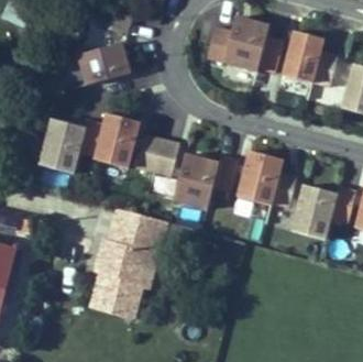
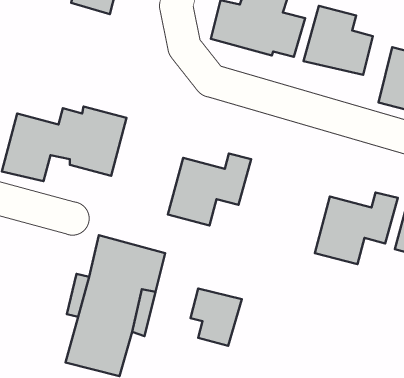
building: [75,46,127,87] -> none
building: [134,131,177,177] -> none
building: [233,149,295,205] -> none
building: none -> [191,289,242,346]

